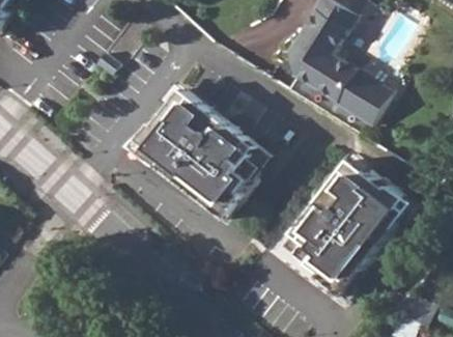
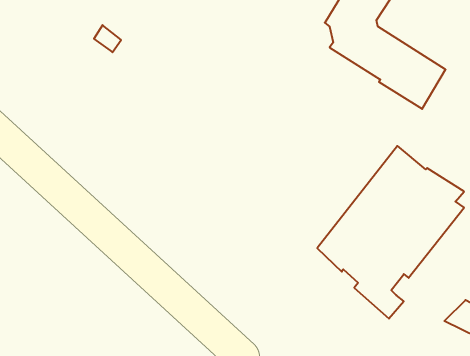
building: [137,88,267,214] -> none

